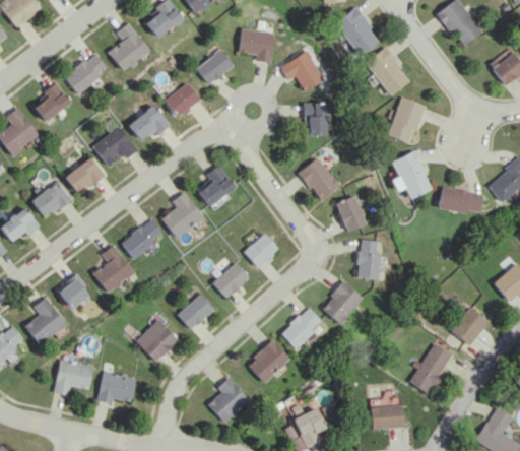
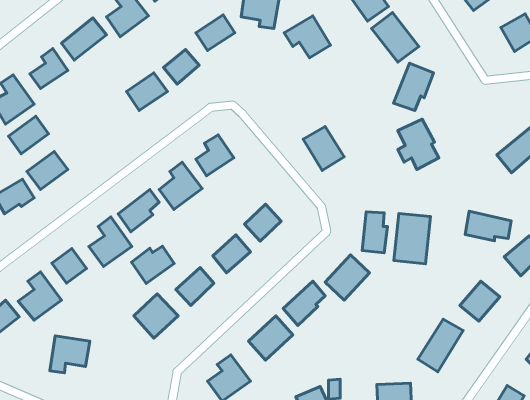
building: [306,103,327,135] -> none
building: [93,126,138,165] -> none
building: [66,157,105,194] -> [8,116,48,154]
building: [438,186,482,214] -> [465,211,511,241]
building: [336,195,368,232] -> none
building: none -> [394,213,431,264]
building: none -> [131,246,174,283]
building: [98,371,136,404] -> none

